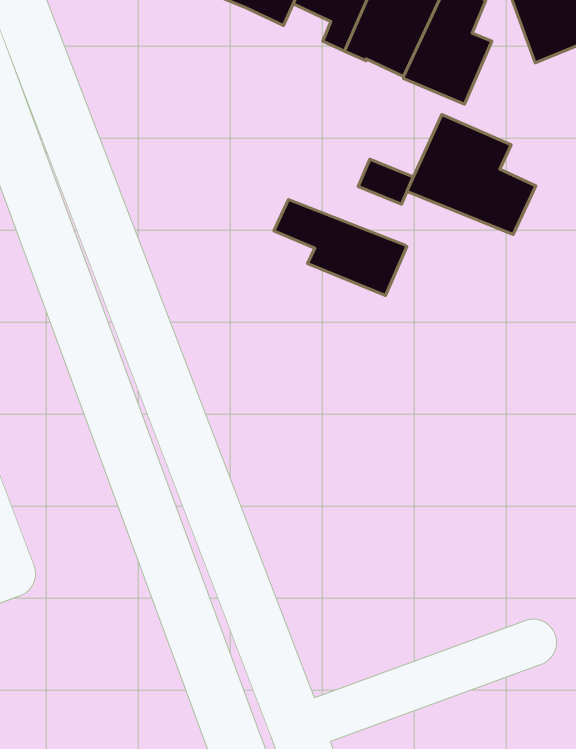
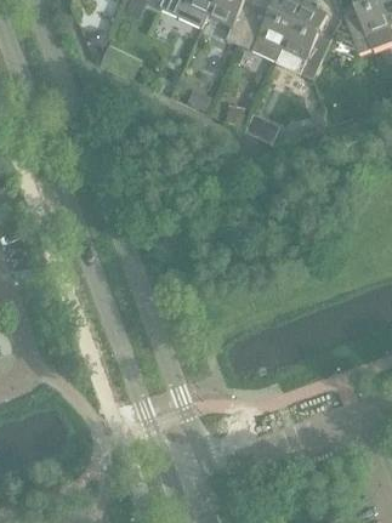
building: [407,114,536,234] -> none
building: [274,200,407,295] -> none

